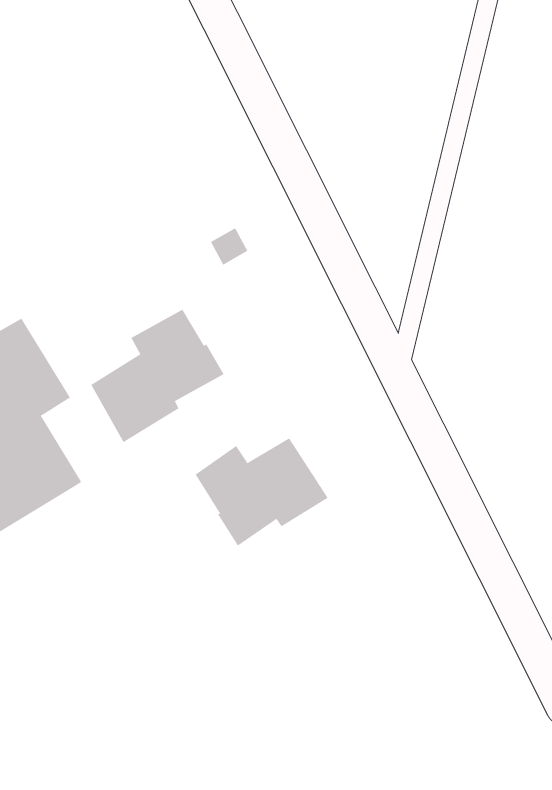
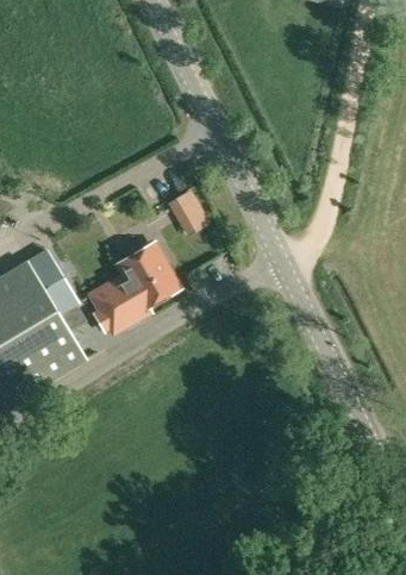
building: [195,438,329,547] -> none

